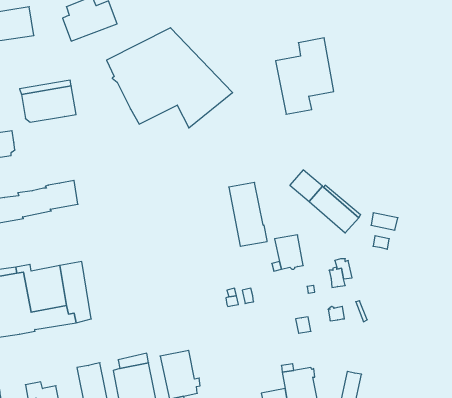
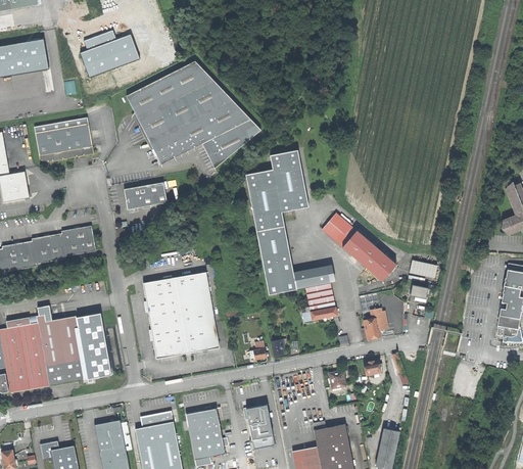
building: [276,38,334,114] -> [245,150,307,232]
building: none -> [124,183,167,209]
building: none -> [294,267,330,289]
building: none -> [143,273,219,359]
building: none -> [244,404,274,449]

